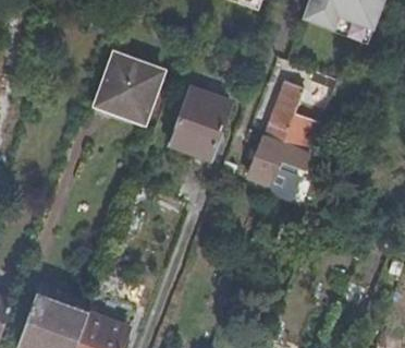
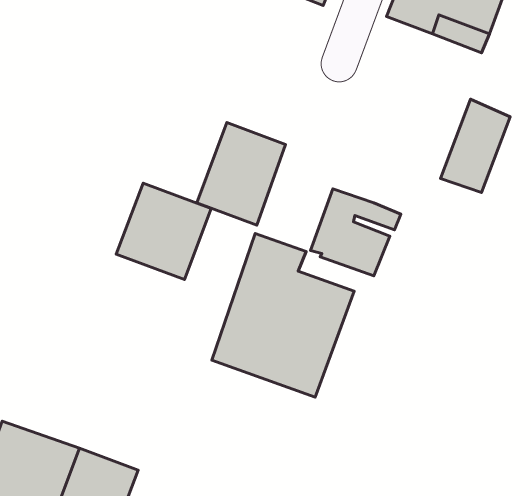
building: [96,56,161,122] -> [116,183,211,280]
building: [263,80,311,144] -> [441,99,510,193]
building: none -> [212,233,354,397]

